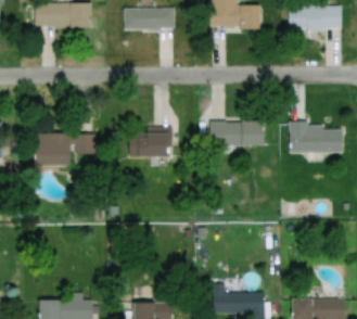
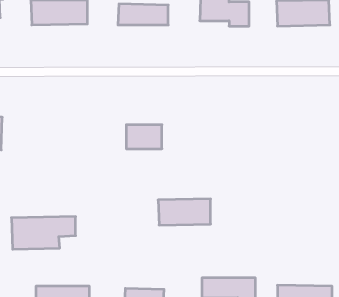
building: [209,118,264,145] -> [158,199,211,225]
building: [288,123,343,152] -> none
building: [30,132,97,166] -> [11,217,76,249]

